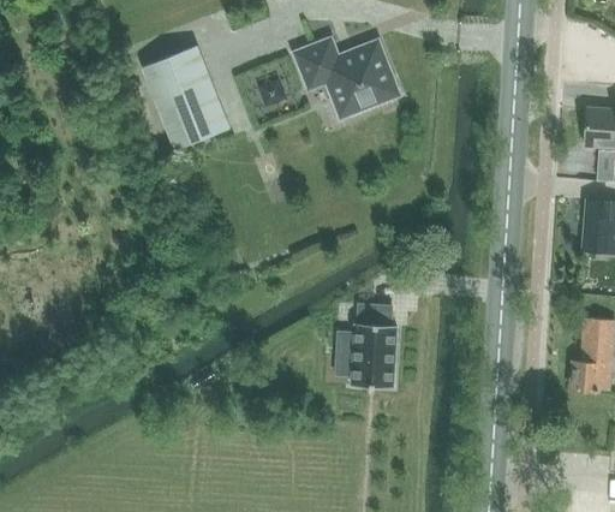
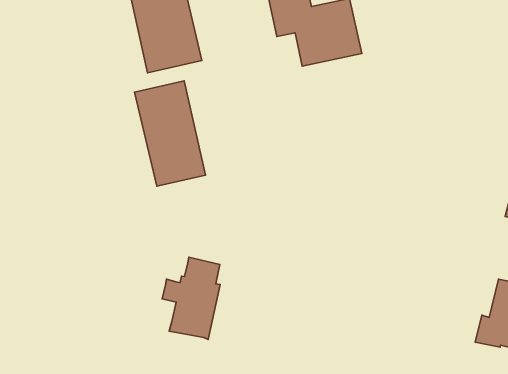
building: none -> [135,81,206,186]
building: [338,302,398,387] -> [162,257,220,339]

